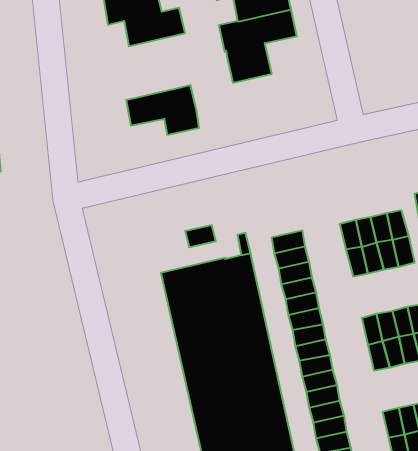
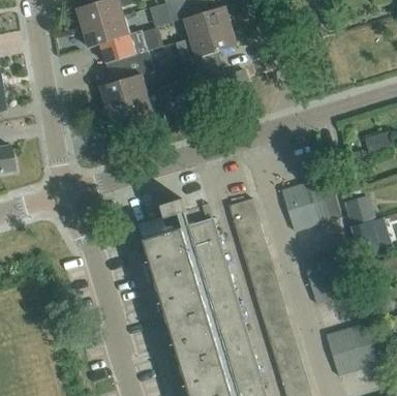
building: none -> [100,51,154,106]

